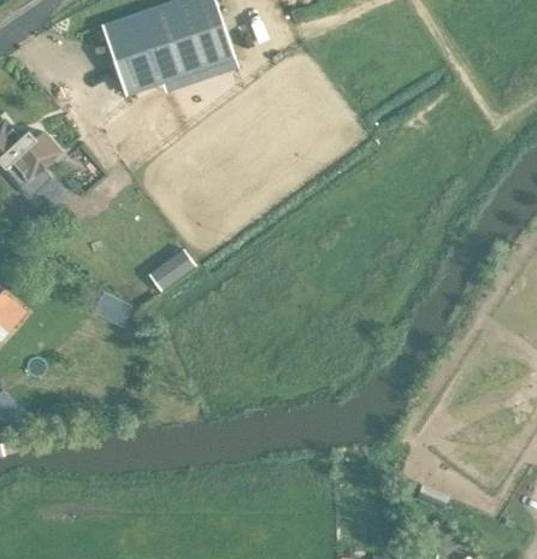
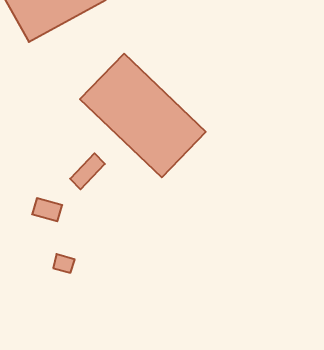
building: none -> [80,54,206,177]

